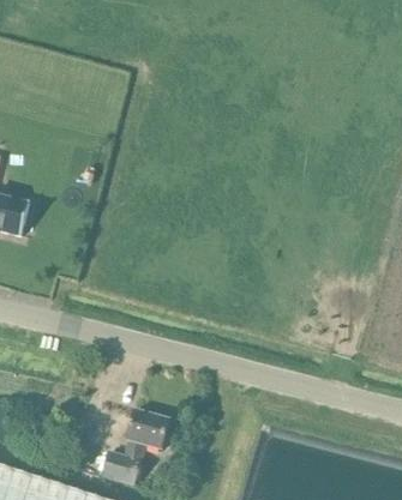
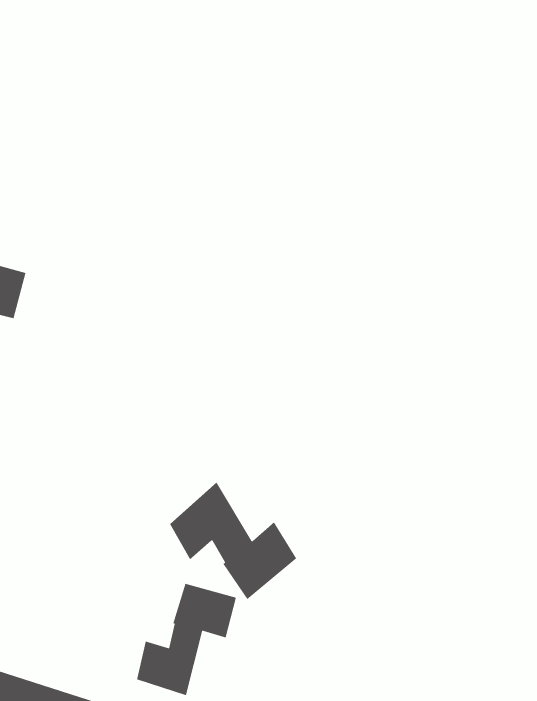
building: none -> [169,482,297,600]

